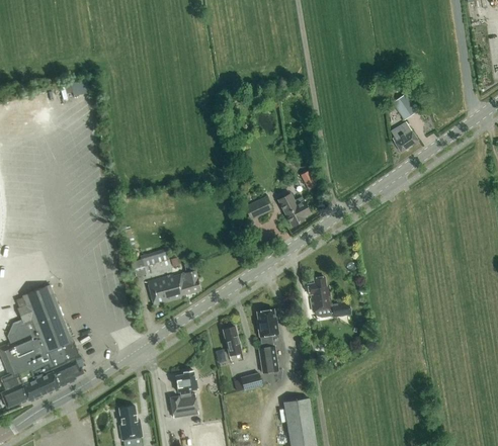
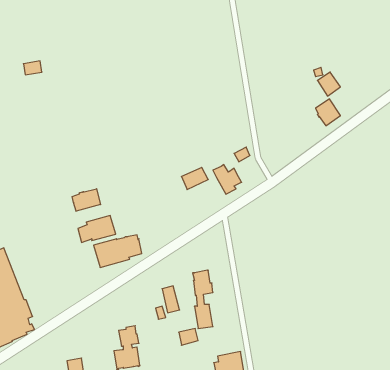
building: none -> [72,189,101,211]
building: [307,276,349,317] -> none

